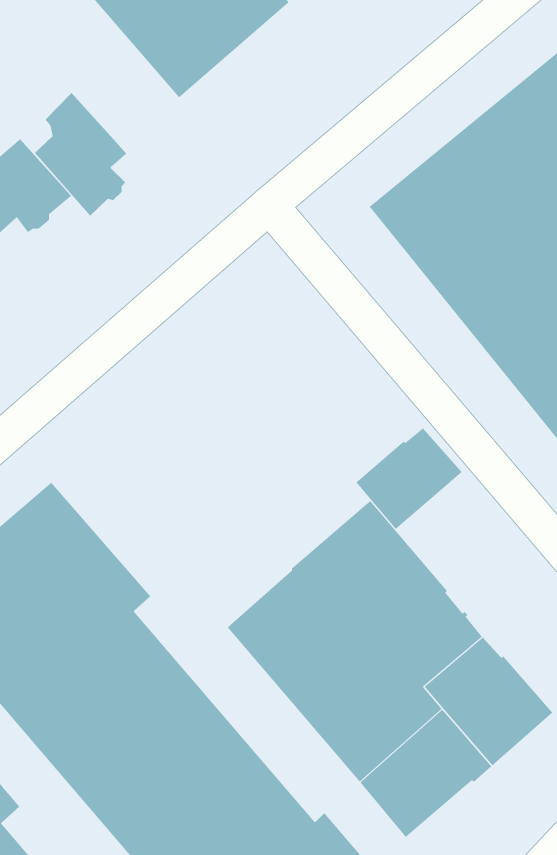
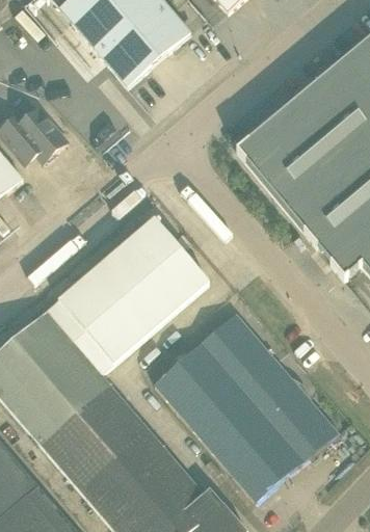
building: [34,92,127,217] -> none
building: none -> [56,217,209,366]
building: [355,428,462,530] -> none

